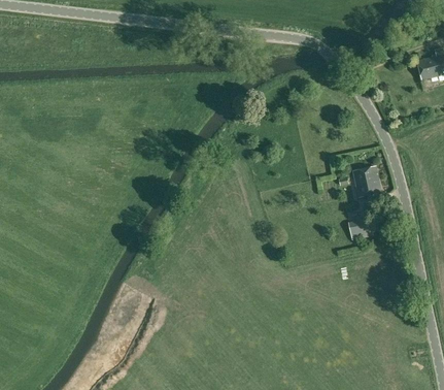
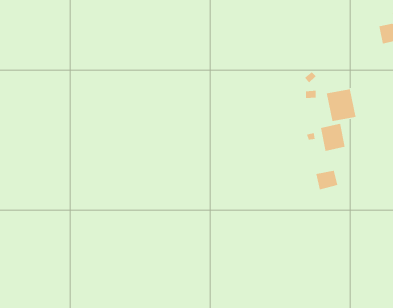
building: none -> [326,89,356,122]

